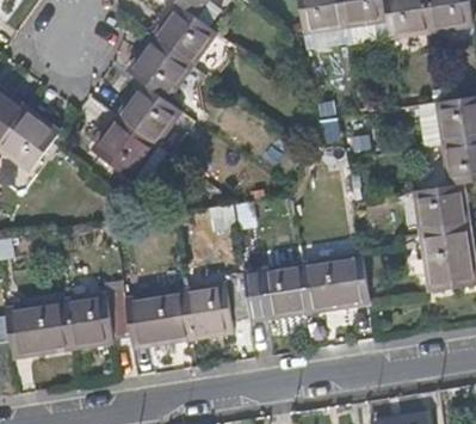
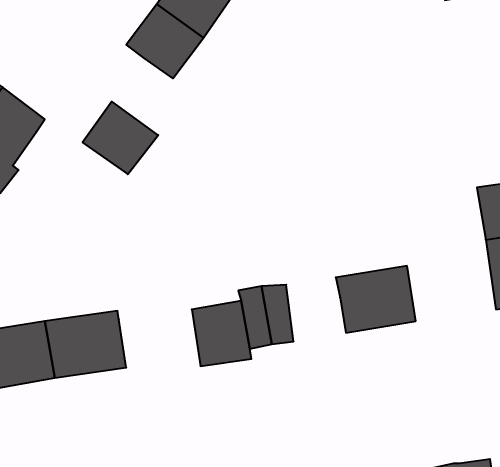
building: [115,84,179,147] -> none
building: [258,264,307,317] -> none
building: [120,290,187,346] -> none

